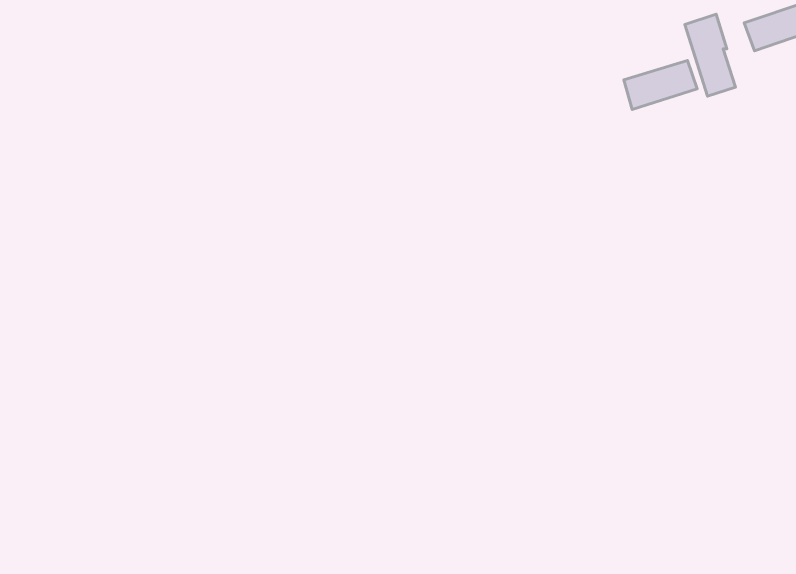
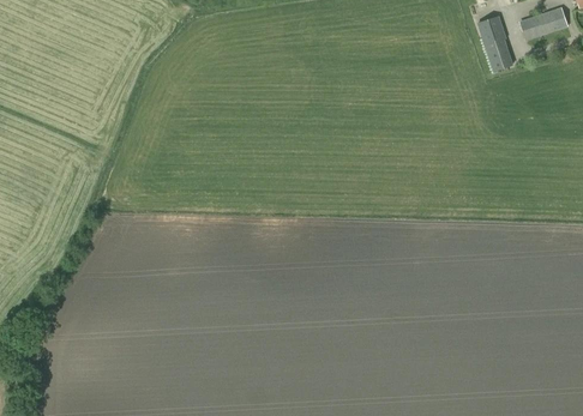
building: [624,60,697,109] -> none

